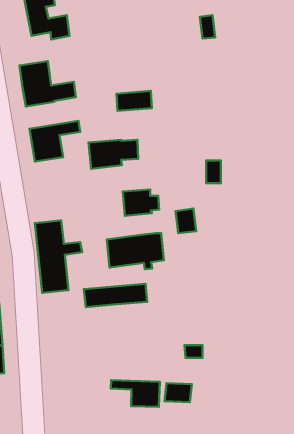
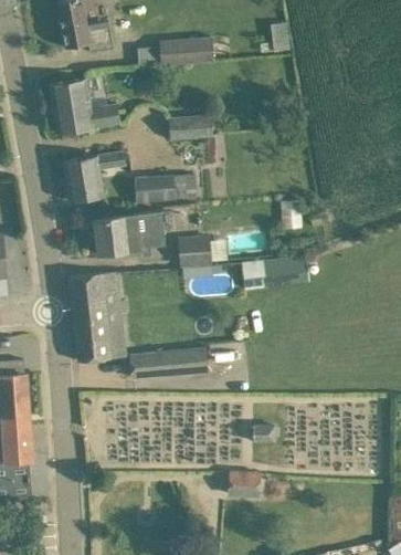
building: none -> [160,38,214,66]
building: [107,233,164,269] -> [96,211,166,255]
building: [111,380,160,407] -> none

